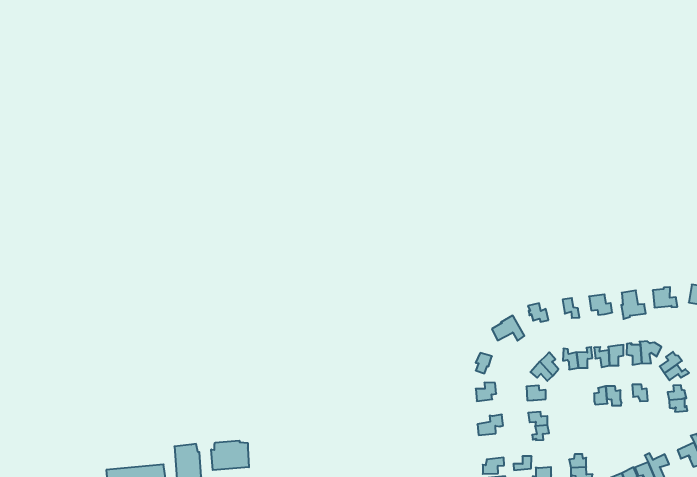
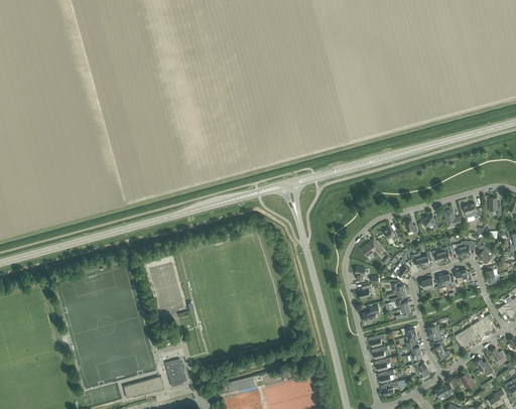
building: [211,441,249,470] -> none

